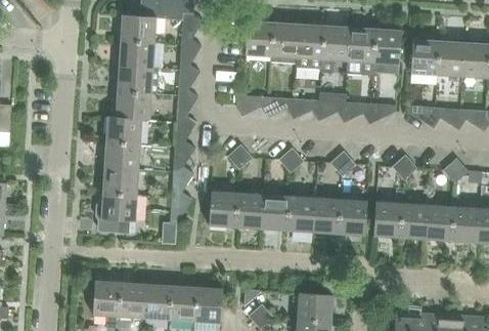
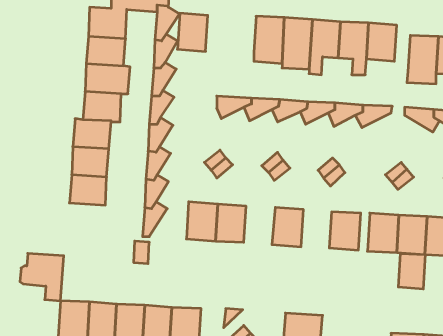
building: [246,20,273,55] -> [177,13,208,51]
building: [96,193,136,236] -> [20,253,64,301]
building: [262,196,291,231] -> none
building: [314,199,342,234] -> none
building: none -> [398,254,425,289]

